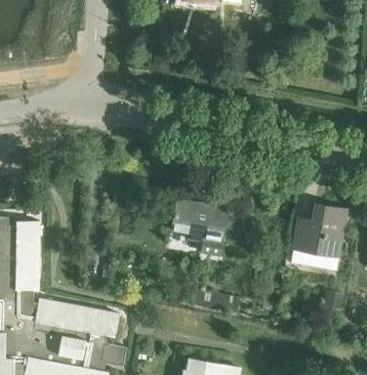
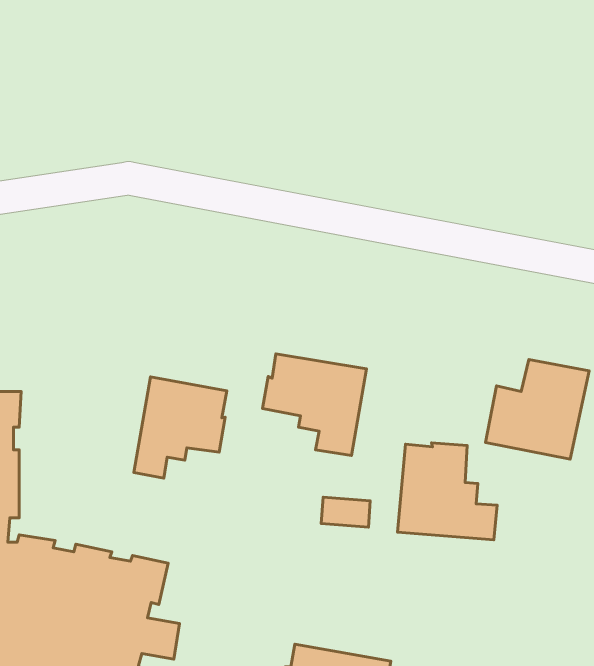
building: none -> [134,377,227,478]
building: none -> [398,443,497,540]

